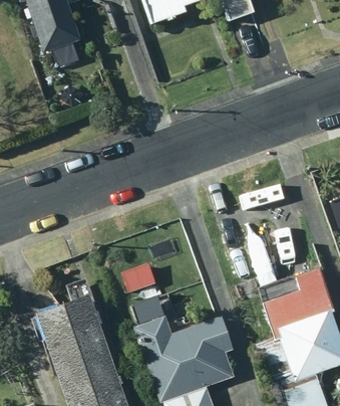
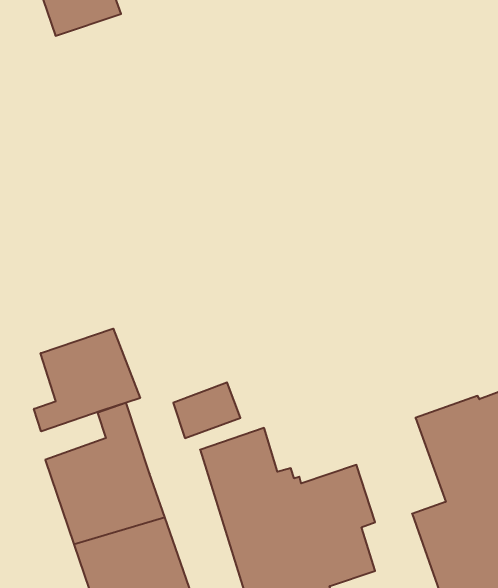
building: none -> [34,329,140,431]

